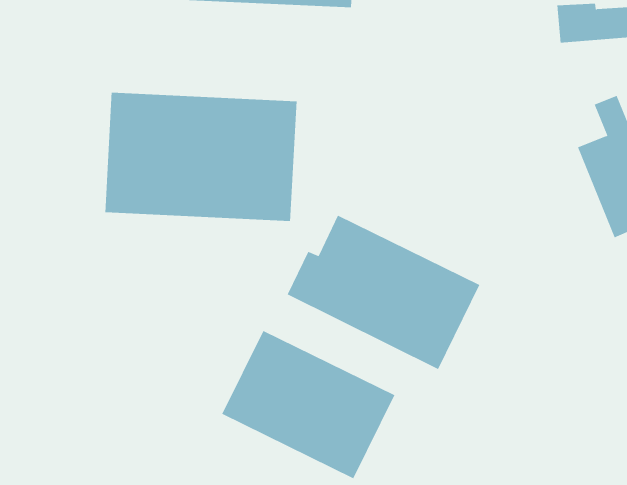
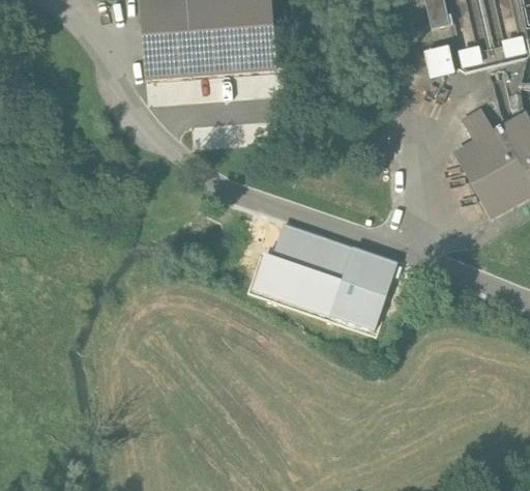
building: [105,92,297,222] -> none
building: [221,330,395,479] -> none

